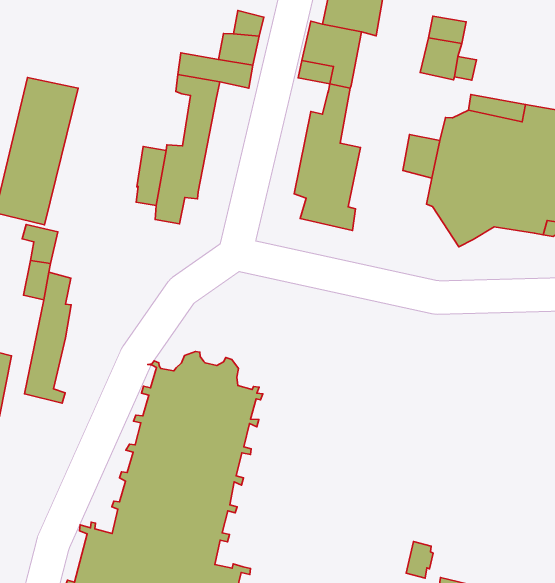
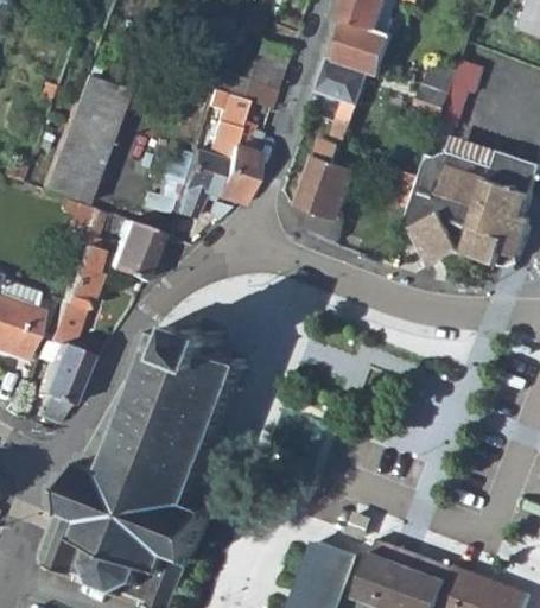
building: none -> [214,114,260,203]
building: none -> [106,220,158,280]
building: none -> [34,340,84,424]

